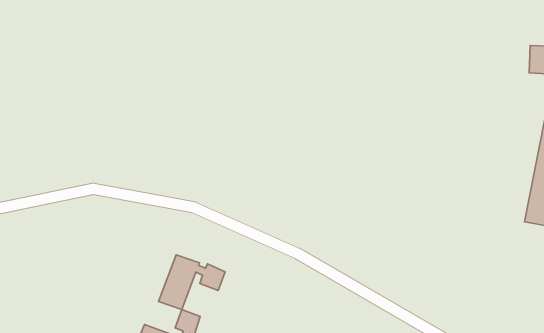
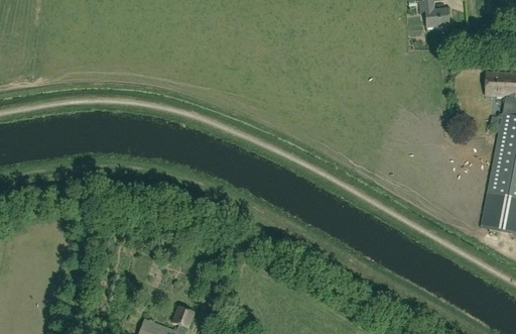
building: [159,255,225,310] -> none

